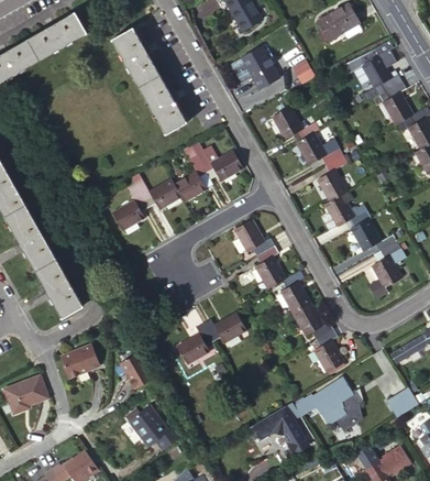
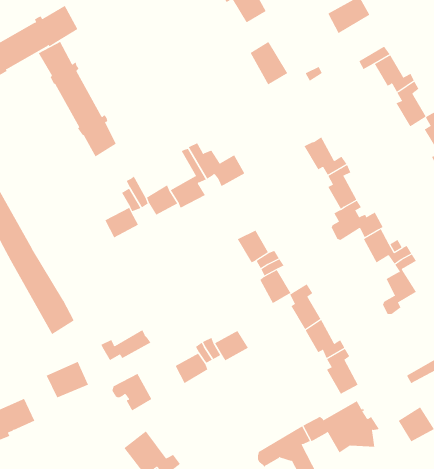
building: [112,29,185,135] -> [38,41,117,157]
building: [273,107,319,143] -> none
building: none -> [100,329,151,361]

